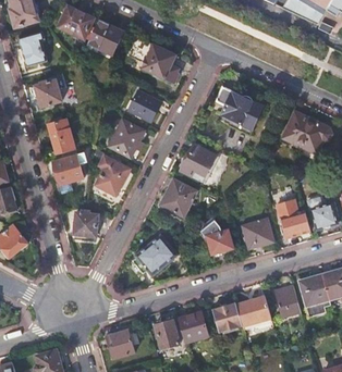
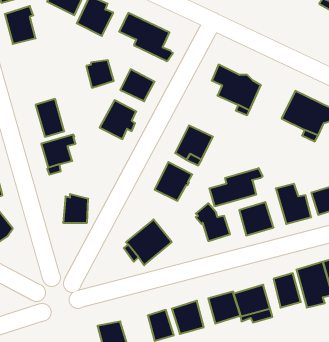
building: [36,80,62,107] -> [86,60,114,88]
building: [95,154,130,200] -> none
building: none -> [209,168,263,206]

